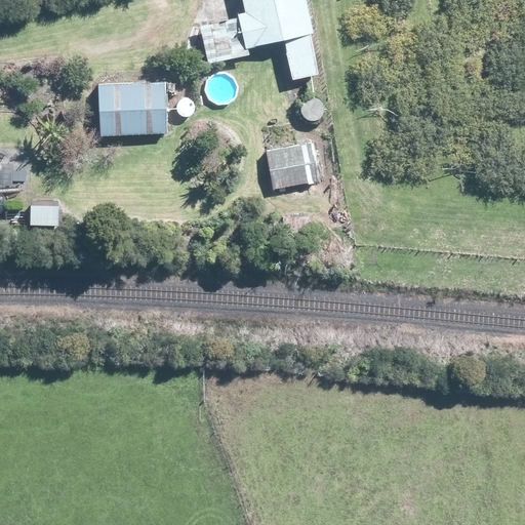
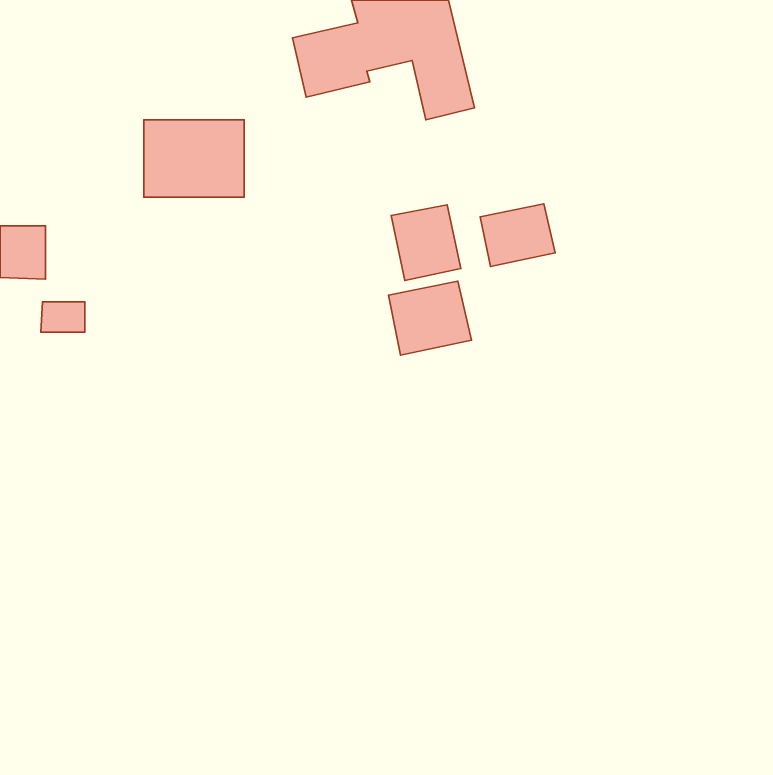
building: none -> [480,204,555,266]
building: none -> [388,281,471,355]

